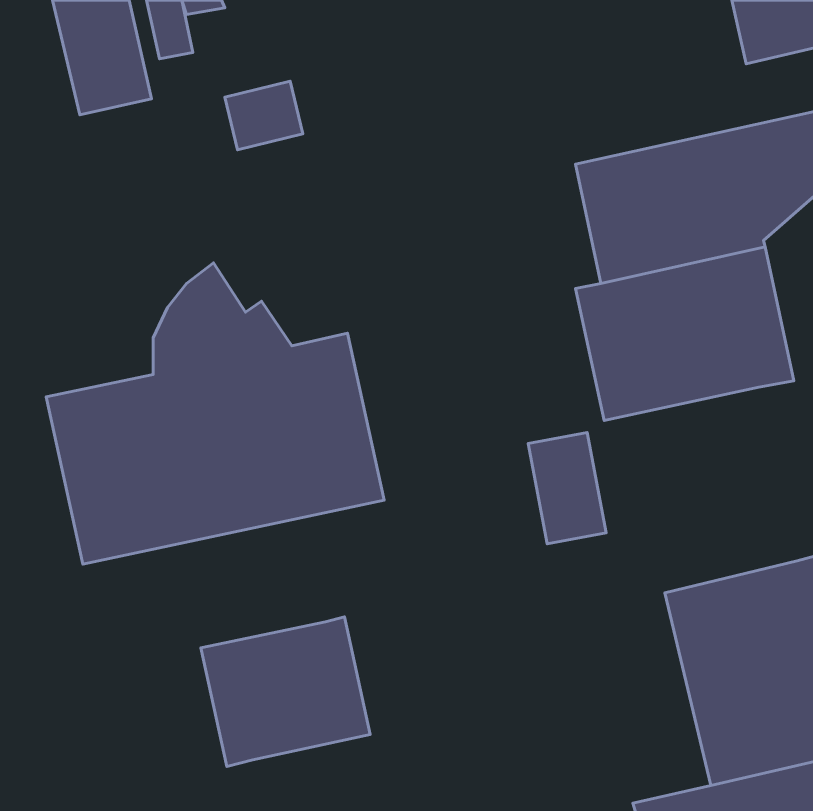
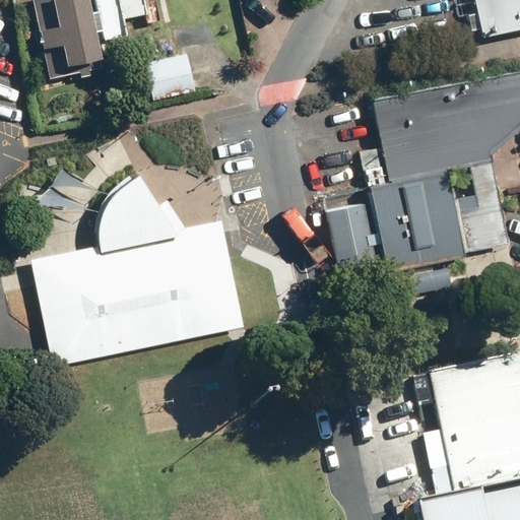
building: [528,432,606,544] -> [326,204,376,275]
building: [201,617,370,767] -> none

